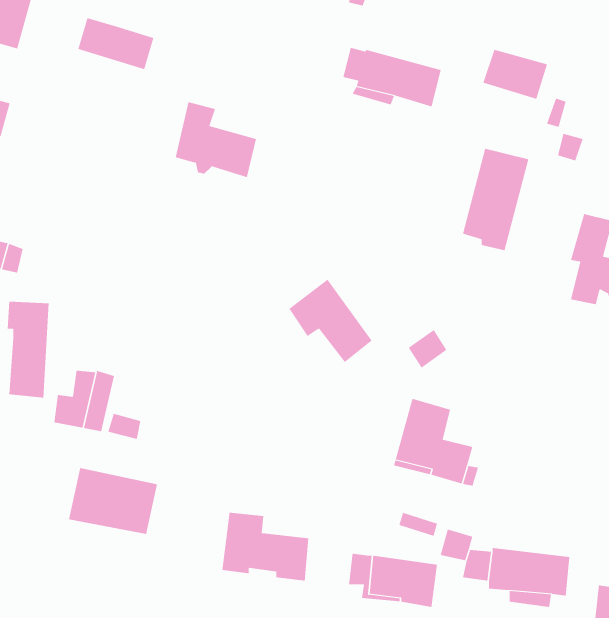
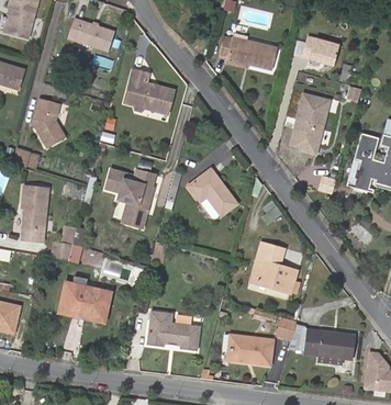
building: none -> [31,97,63,146]
building: none -> [103,168,155,228]

